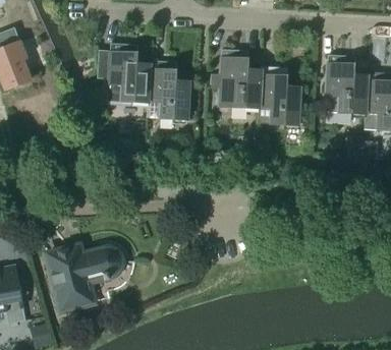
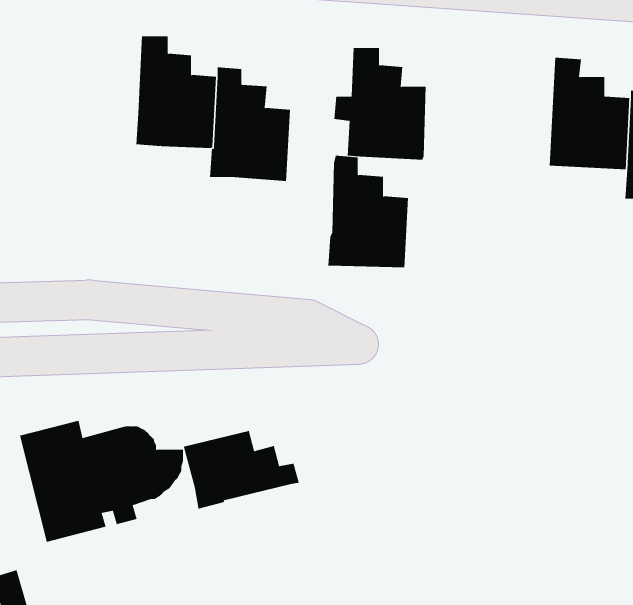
building: [257,65,299,124] -> [327,155,409,268]
building: none -> [183,430,299,509]

